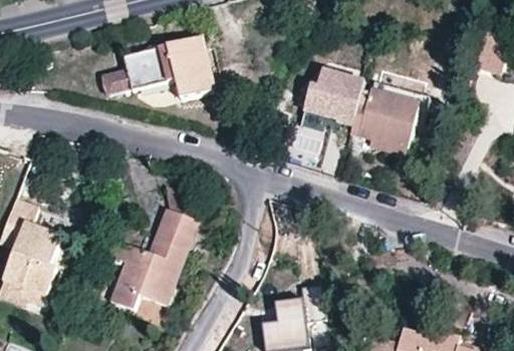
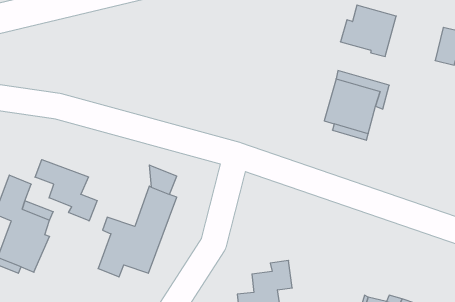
building: [101,37,214,99] -> none
building: [303,69,364,125] -> [340,5,396,56]
building: none -> [35,160,97,221]

